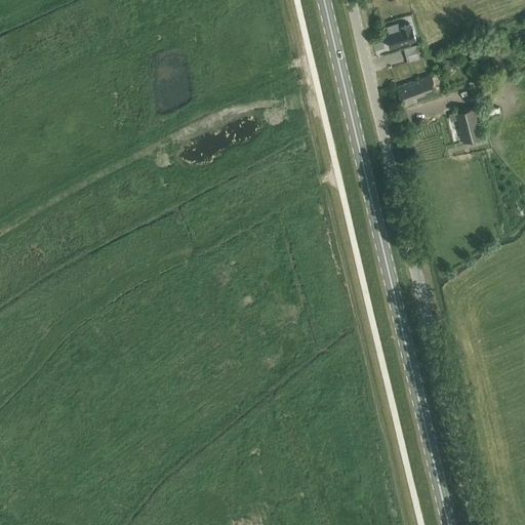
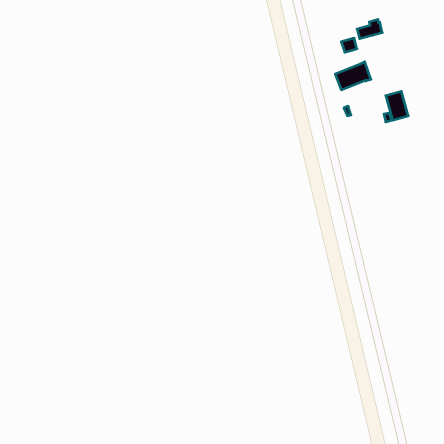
building: [385,25,414,47] -> [357,19,382,39]

